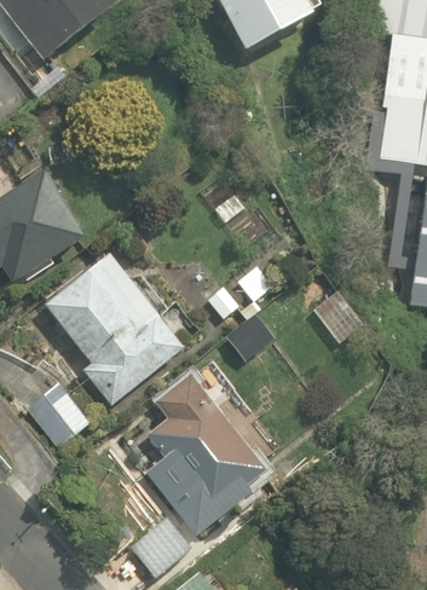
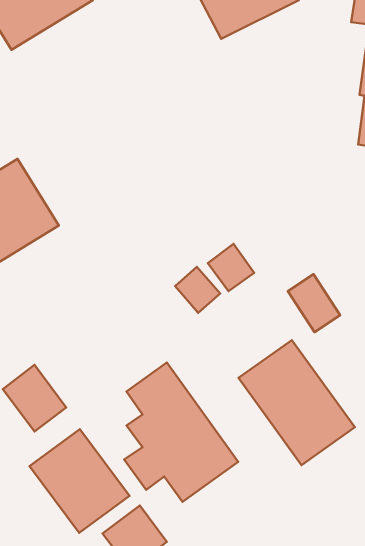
building: [45,253,183,405] -> none
building: none -> [239,340,355,465]
building: none -> [30,429,129,533]

